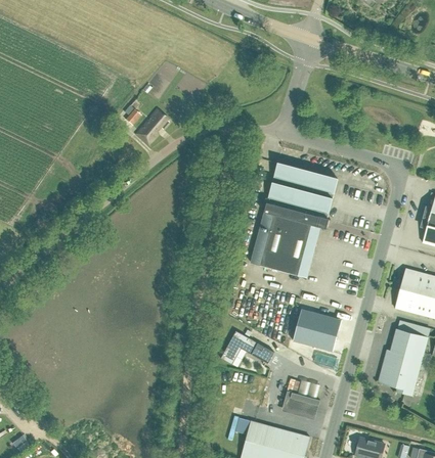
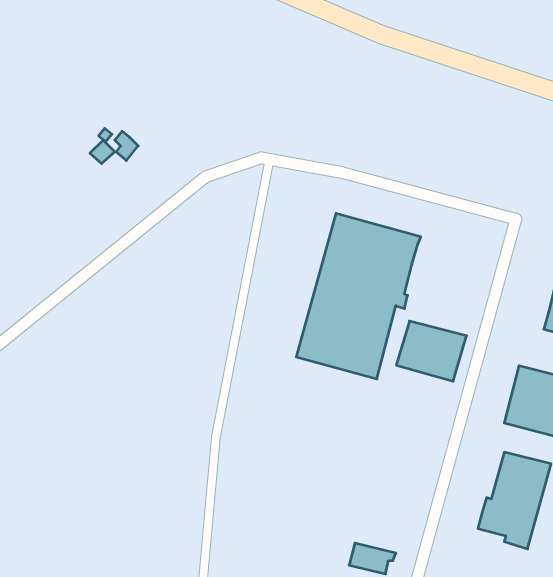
building: [135,107,169,145] -> none
building: [293,309,342,351] -> [396,321,467,381]
building: [221,330,274,364] -> none

